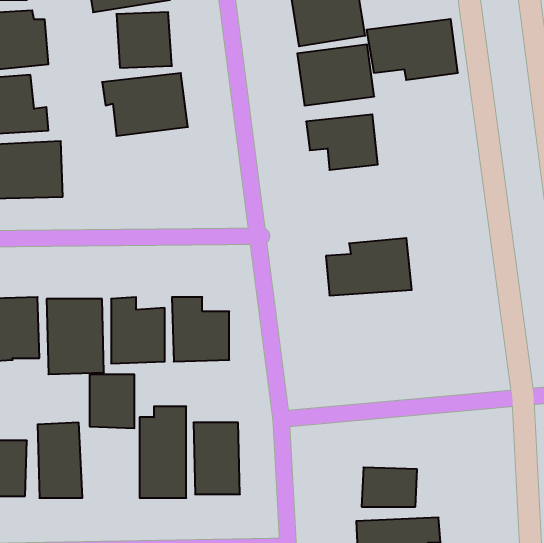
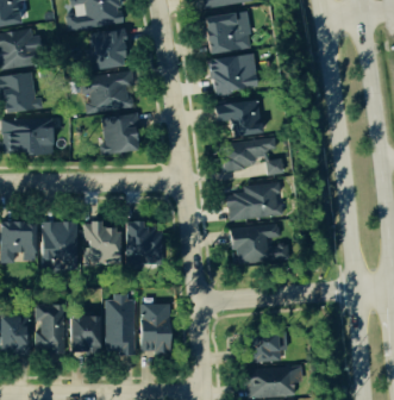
building: [367,19,458,80] -> [220,137,281,177]
building: none -> [100,113,140,154]
building: none -> [232,225,281,264]
building: [90,374,134,428] -> [70,315,100,351]

